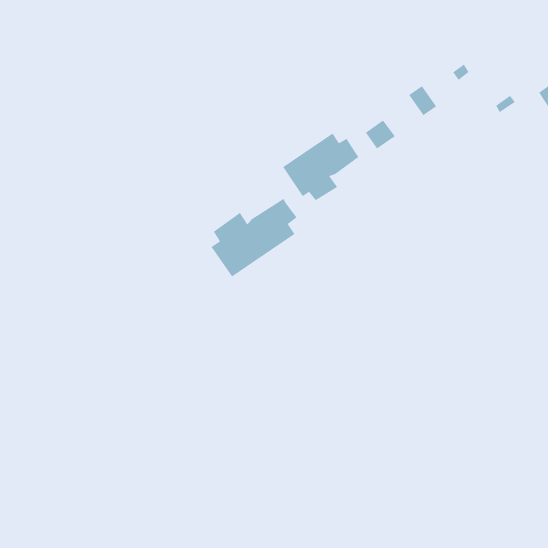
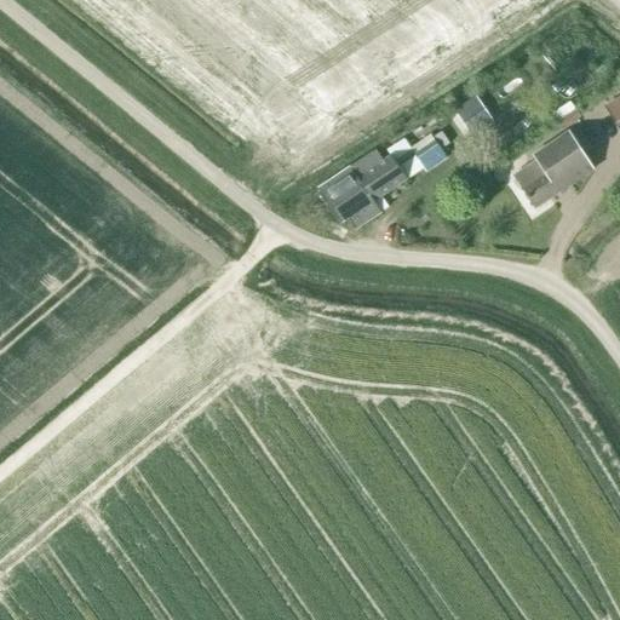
building: none -> [516,132,593,206]
building: [211,198,297,278] -> none

